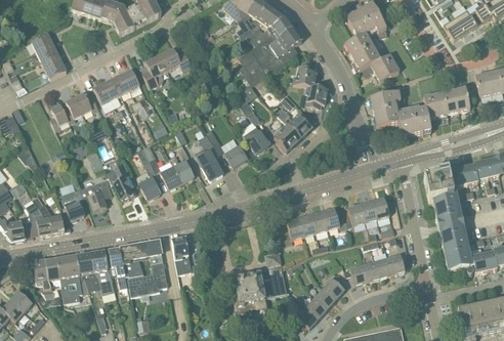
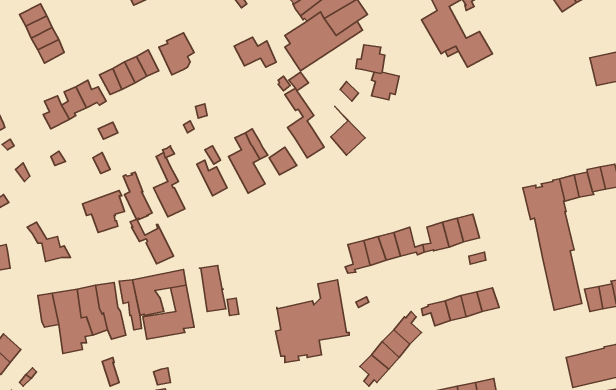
building: [159,48,192,72] -> [234,37,276,67]
building: [370,87,470,137] -> none
building: [272,104,311,137] -> none
building: [148,154,181,188] -> [130,219,174,264]
building: [60,187,84,220] -> none
building: [22,201,51,239] -> none
building: [33,259,60,306] -> none

